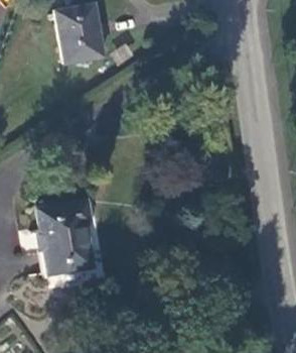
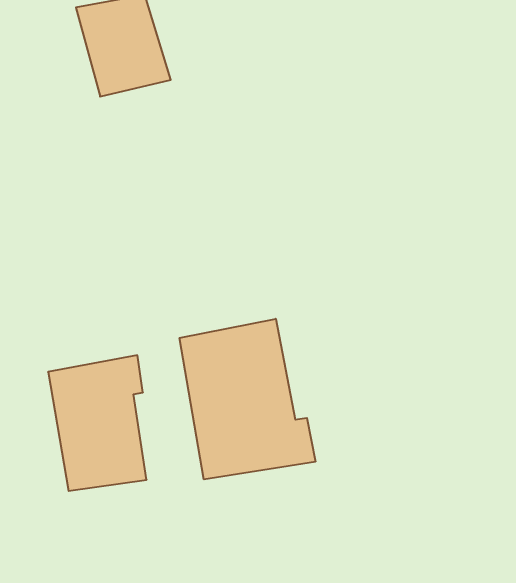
building: none -> [180,319,315,479]

